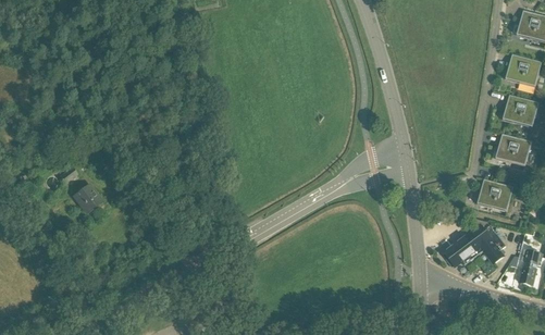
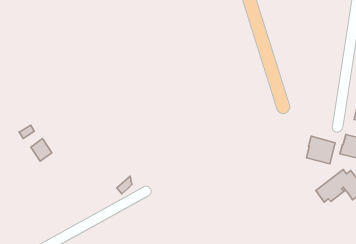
building: none -> [306,136,335,164]

